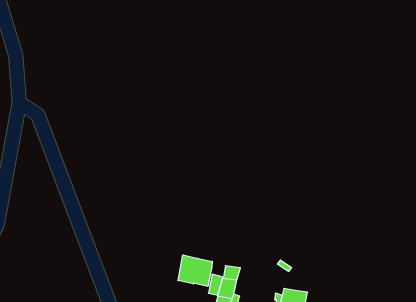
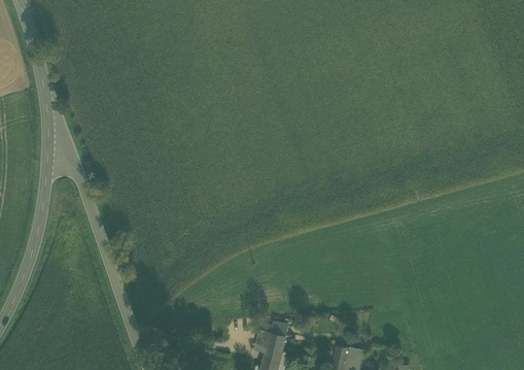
building: [178,255,212,286] -> none

